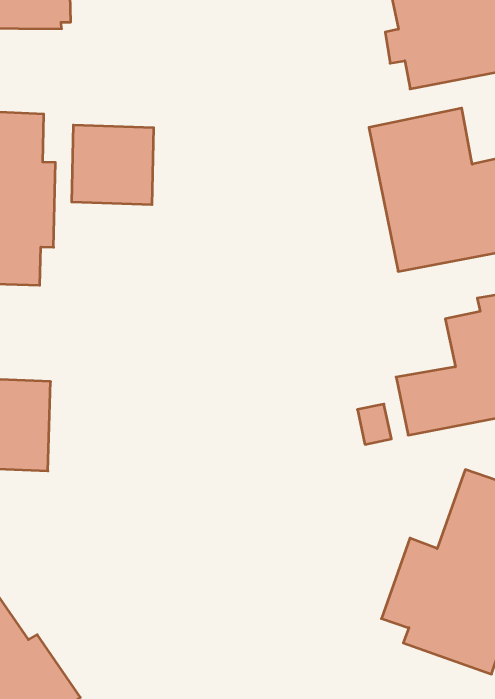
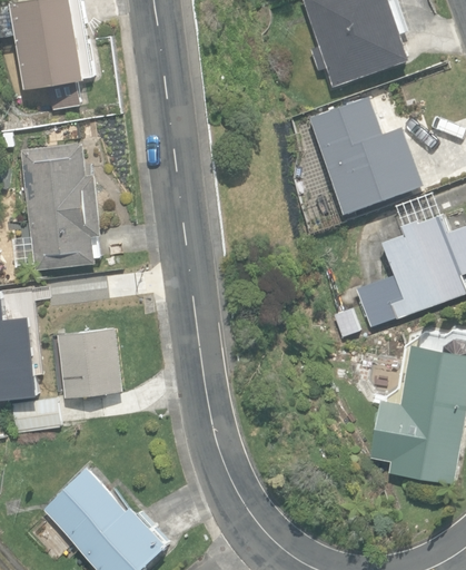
building: [72,125,154,205] -> none

